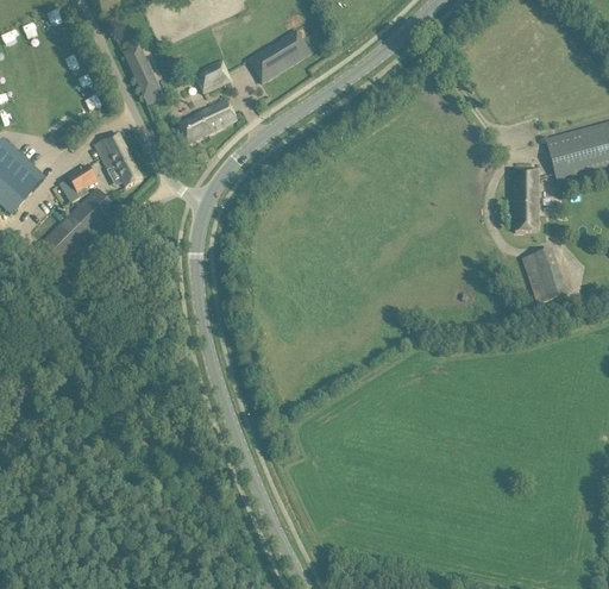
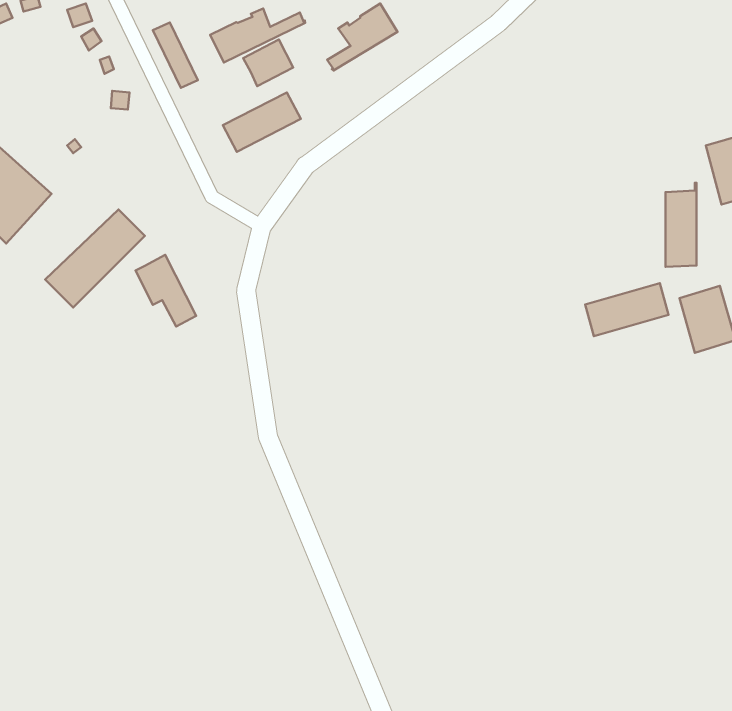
building: none -> [210,8,305,62]
building: [94,132,140,187] -> [136,255,196,327]
building: [57,165,96,203] -> none
building: none -> [585,283,668,336]

